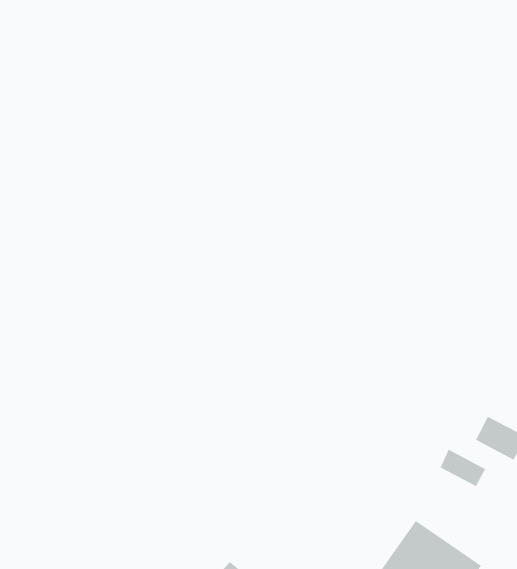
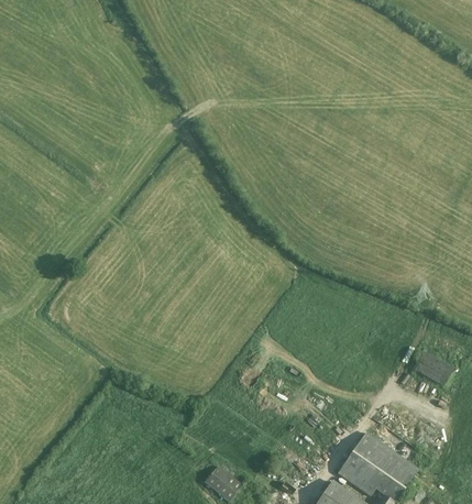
building: [440,449,486,487] -> none

